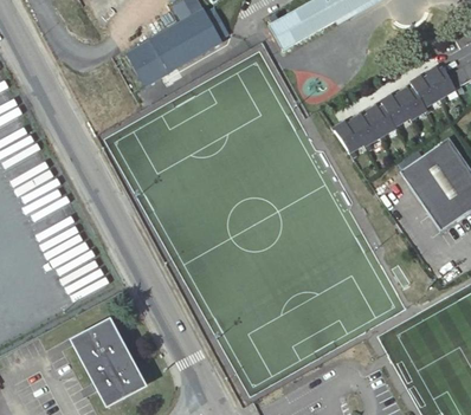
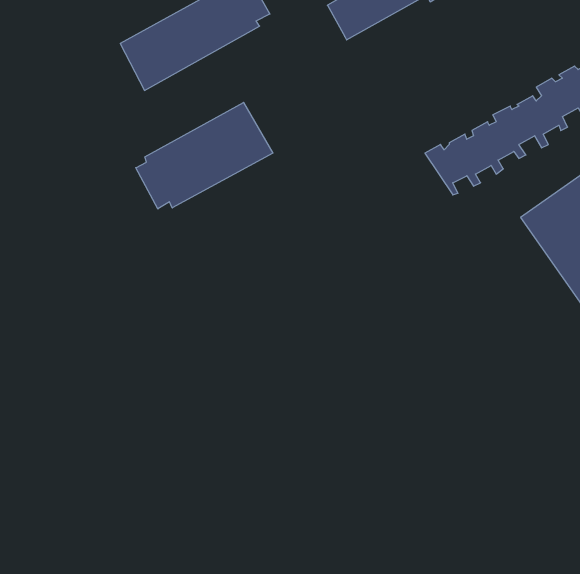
building: none -> [136,102,273,209]
building: [73,320,142,402] -> none

